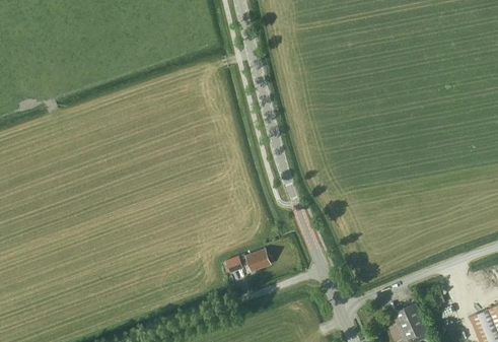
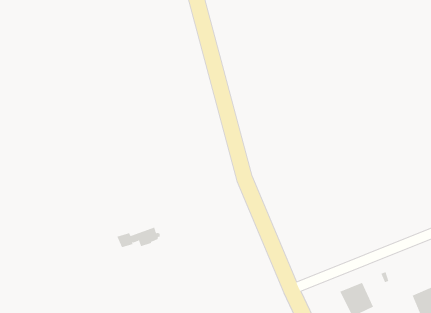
building: [225,250,272,272] -> [117,227,160,248]

